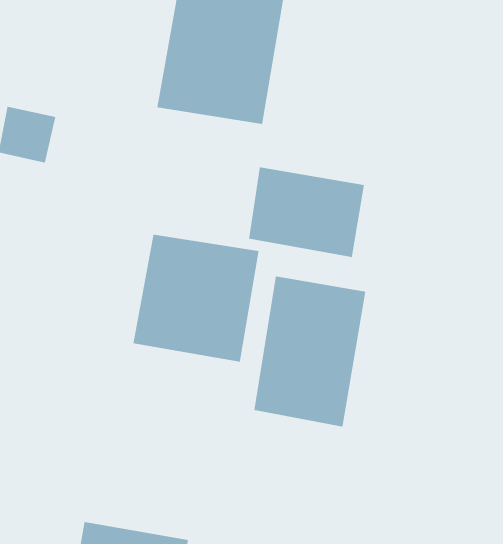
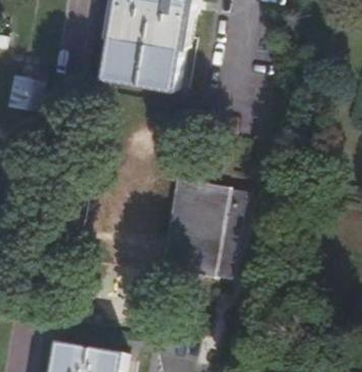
building: [248,166,365,258] -> none
building: [133,234,259,362] -> none

